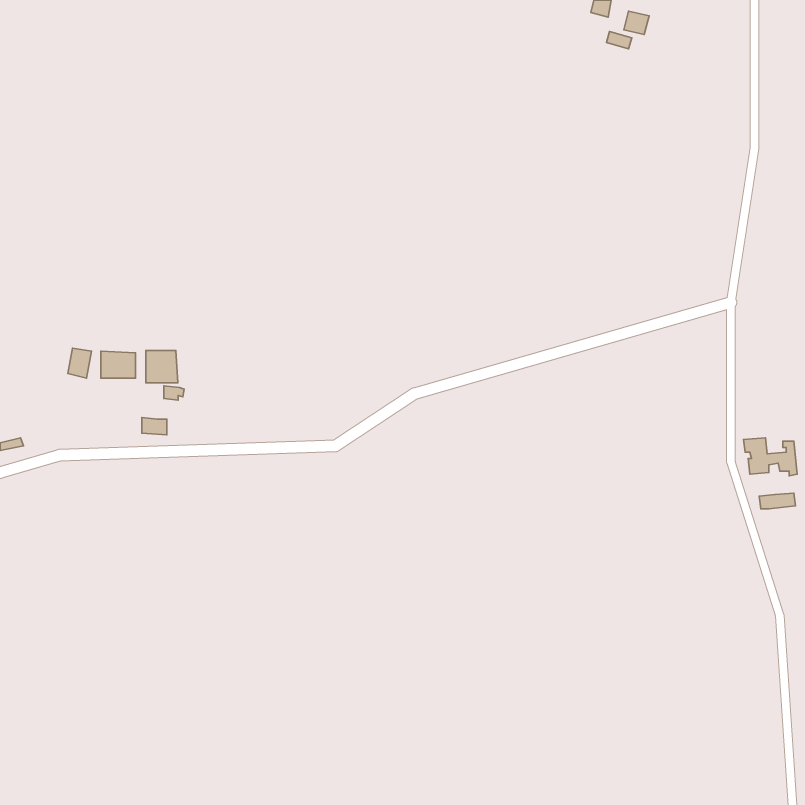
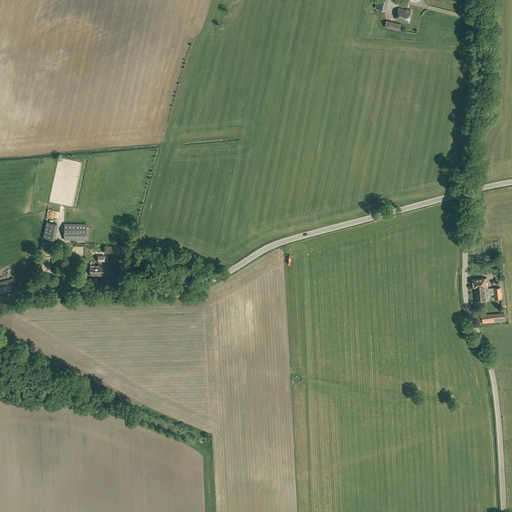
building: [146,350,178,383] -> none

